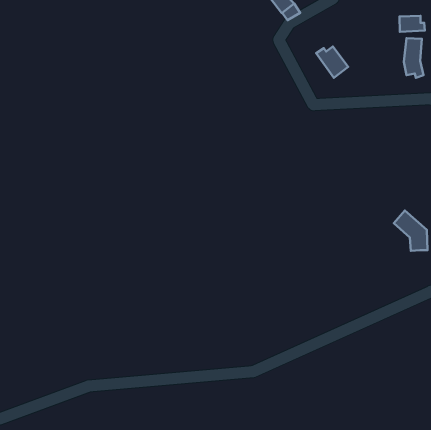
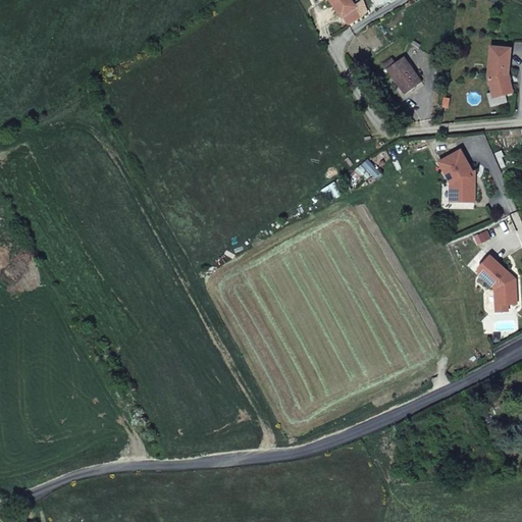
building: [399,16,425,32] -> none
building: none -> [438,149,474,200]

